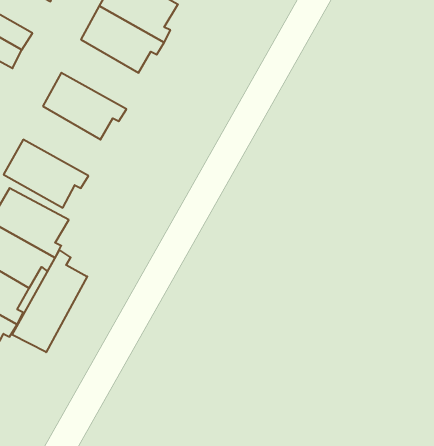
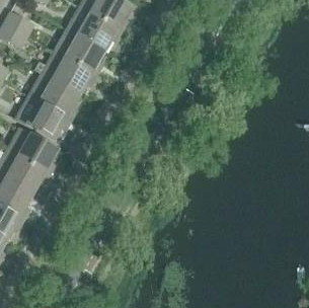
building: none -> [54,28,105,75]
building: none -> [28,73,80,120]
building: [12,250,87,352] -> none

